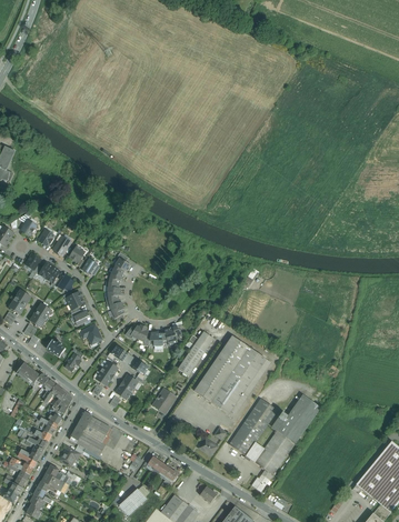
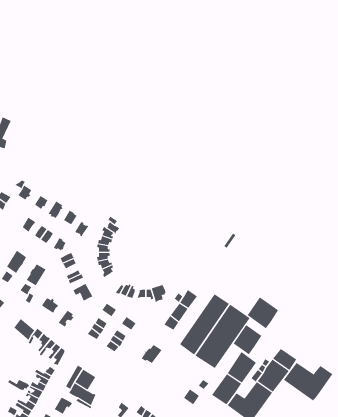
building: none -> [247,296,279,329]
building: none -> [233,324,262,355]
building: none -> [283,362,333,401]

